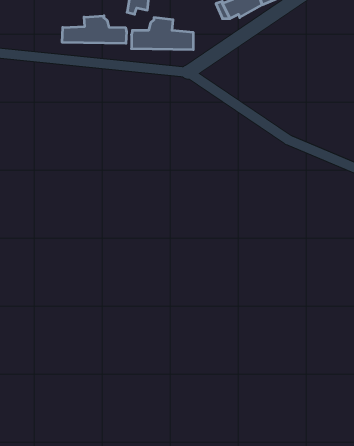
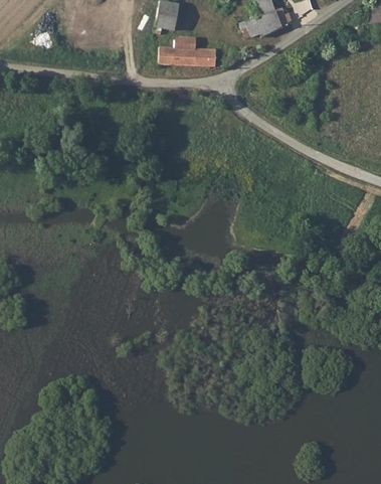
building: [62,16,126,43] -> none

